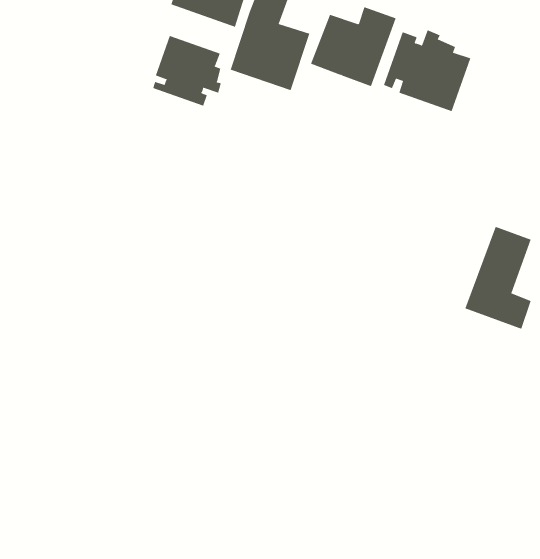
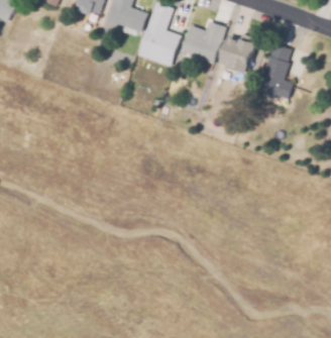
building: [153,35,221,106] -> none
building: [464,226,531,329] -> [257,45,293,100]

